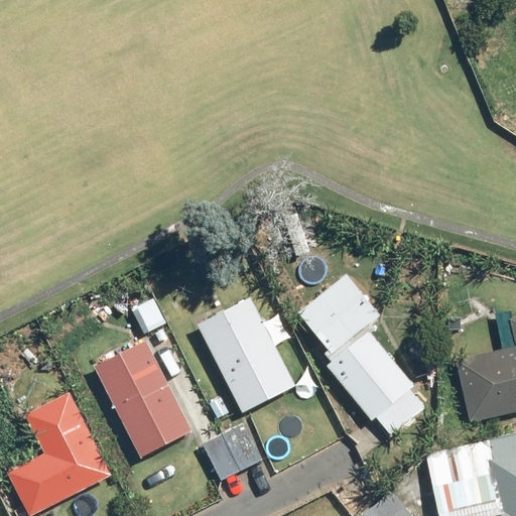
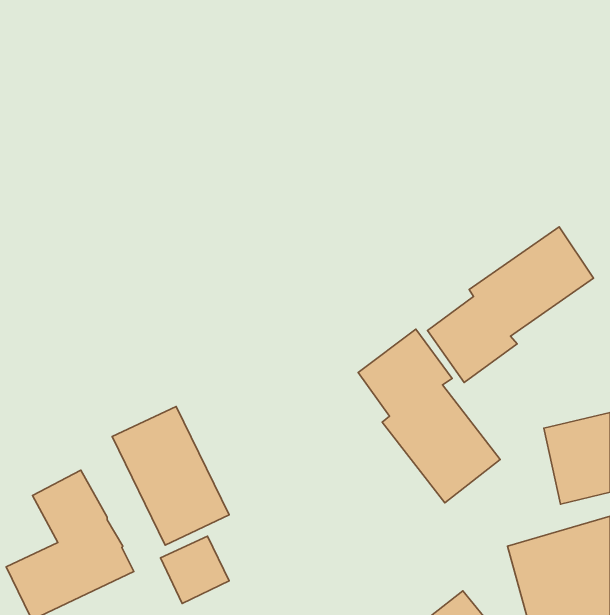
building: none -> [427,227,594,382]
building: [204,301,294,408] -> none
building: [203,426,260,483] -> [161,536,229,604]

